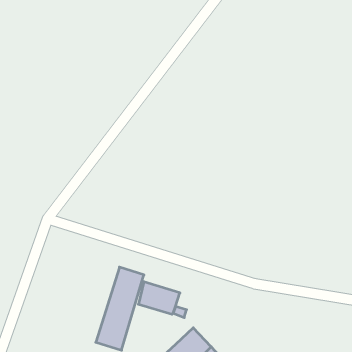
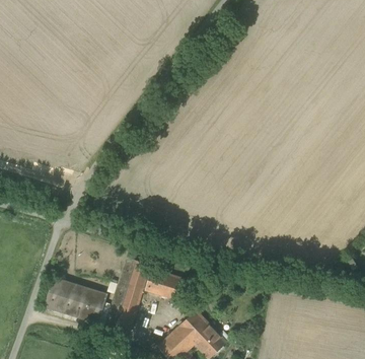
building: none -> [45,277,106,322]

